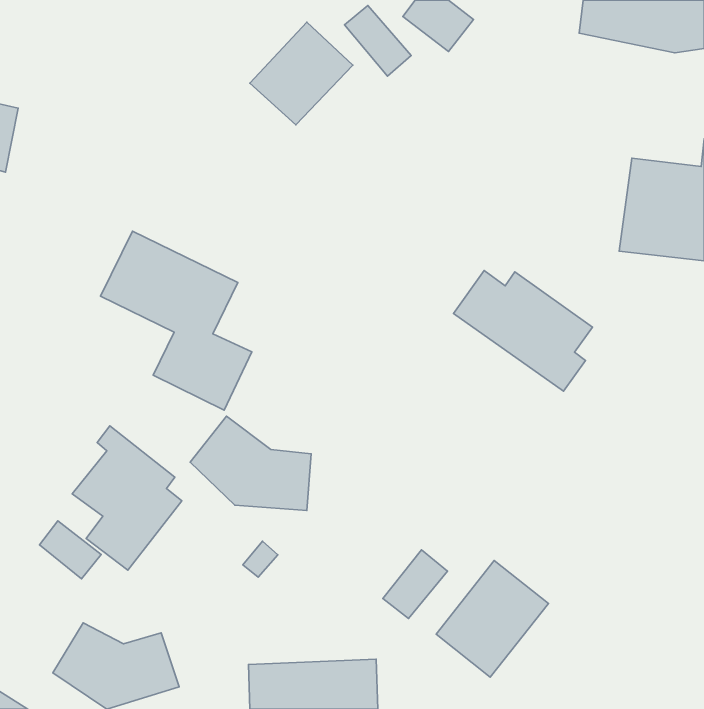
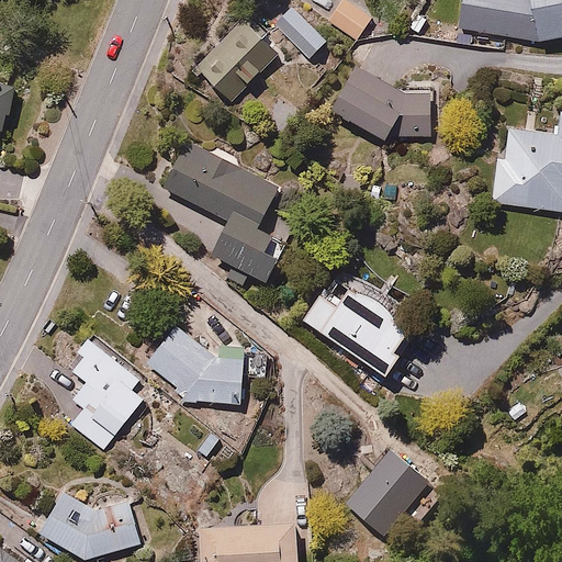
building: none -> [334,65,437,139]
building: [101,231,252,410] -> [169,144,289,285]
building: [454,270,593,391] -> [302,284,412,380]
building: [39,521,101,579] -> none
building: [383,550,447,618] -> none

